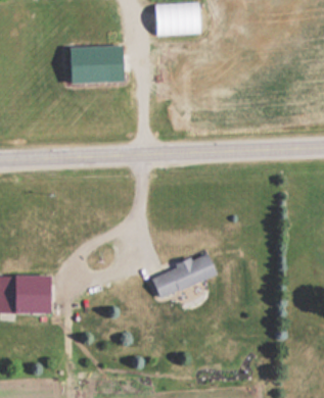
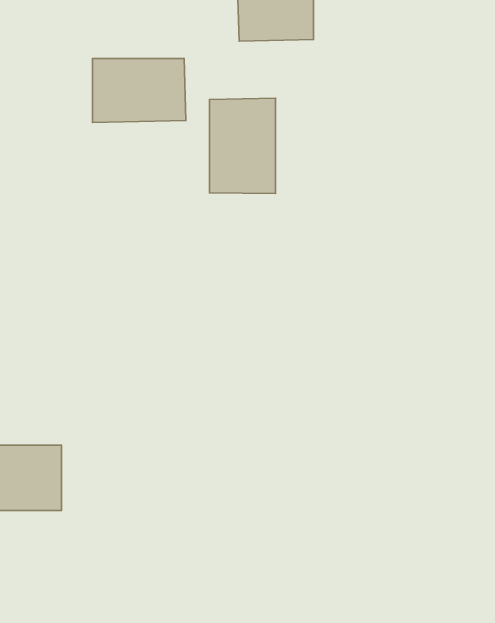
building: none -> [209,98,275,194]
building: [151,253,218,297] -> none

